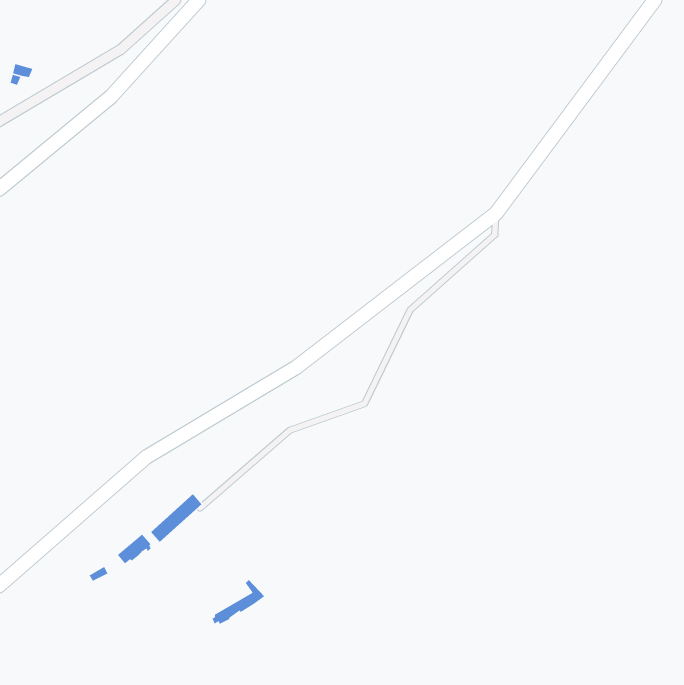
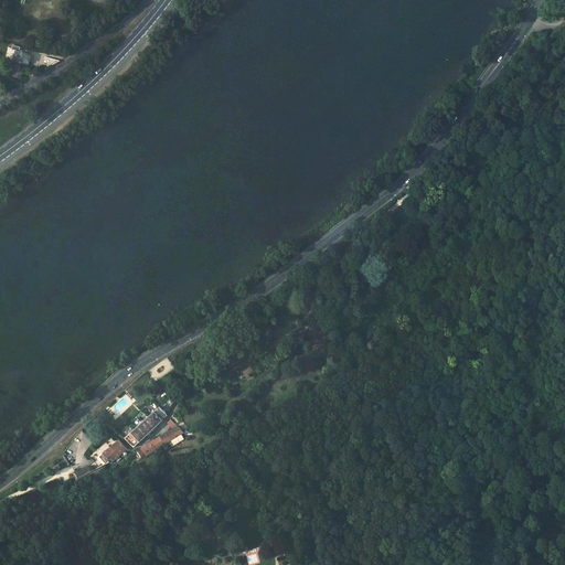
building: [211,579,265,625] -> [138,418,182,456]

